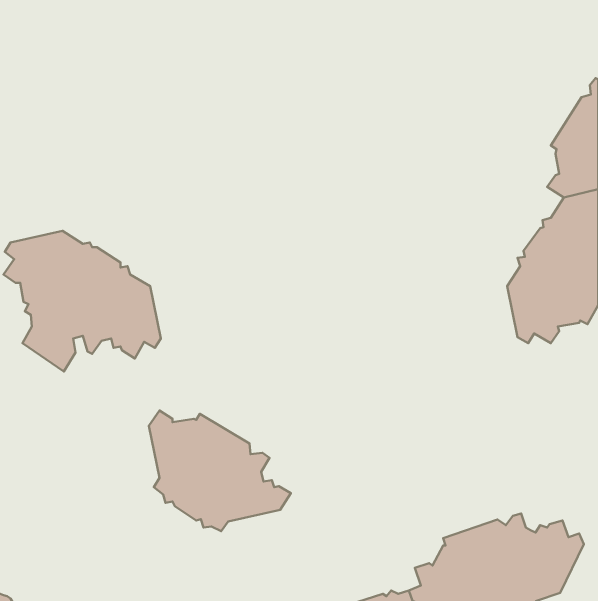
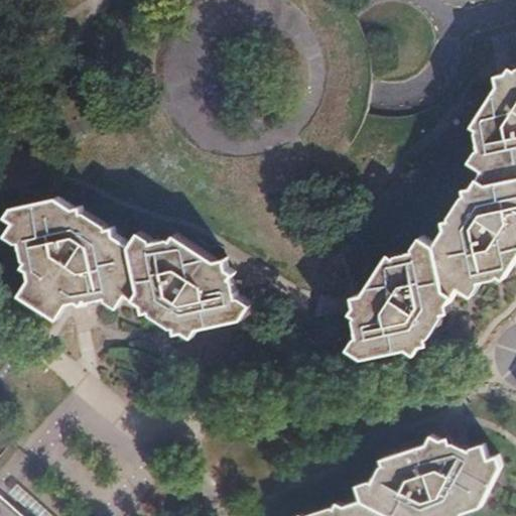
building: none -> [347,238,450,358]
building: [149,410,291,531] -> [128,234,249,337]

